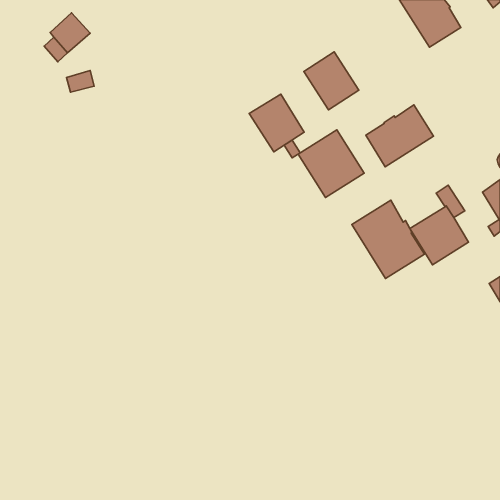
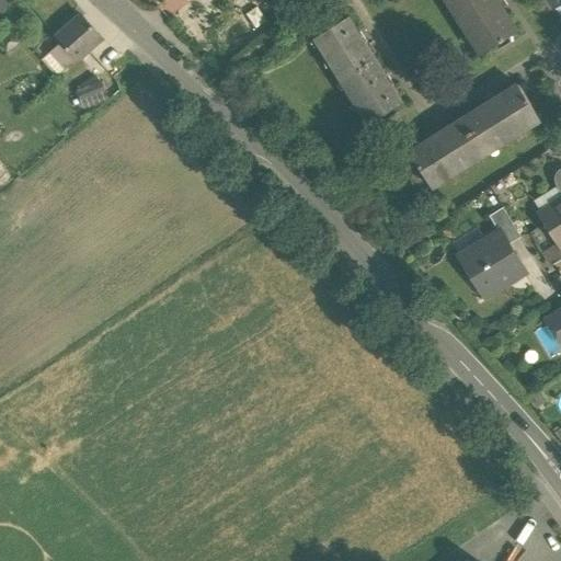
building: none -> [462,83,539,152]
building: [249,94,304,152] -> [312,15,374,80]
building: [298,130,364,198] -> none
building: [352,200,424,279] -> none

